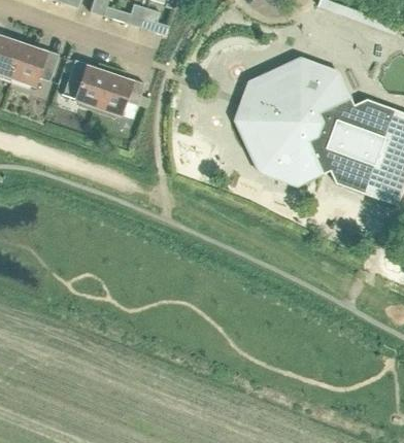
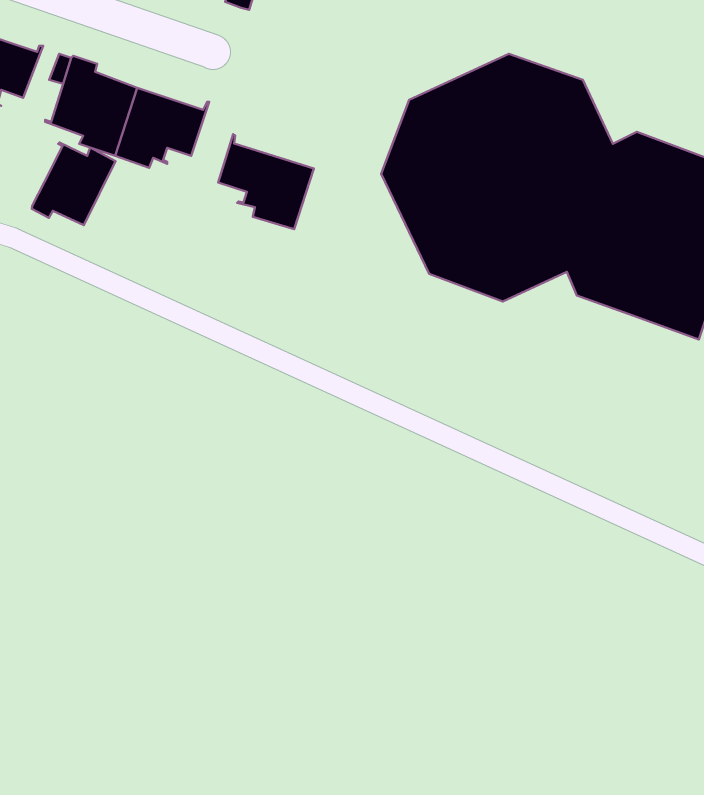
building: none -> [218,134,314,229]
building: none -> [32,142,116,225]

